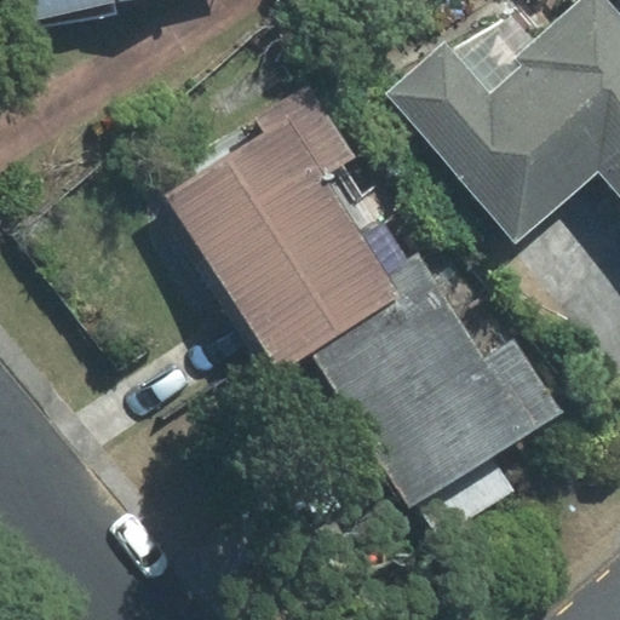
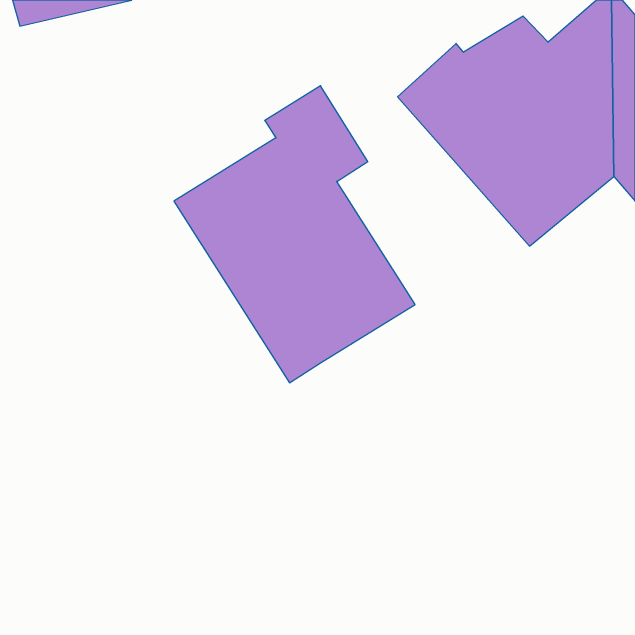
building: [312,256,562,507] -> none

